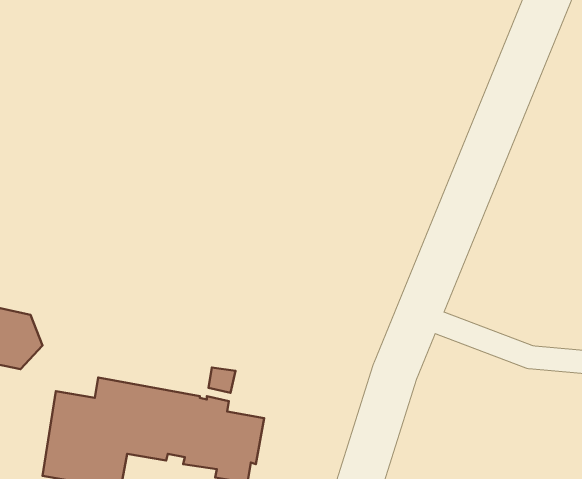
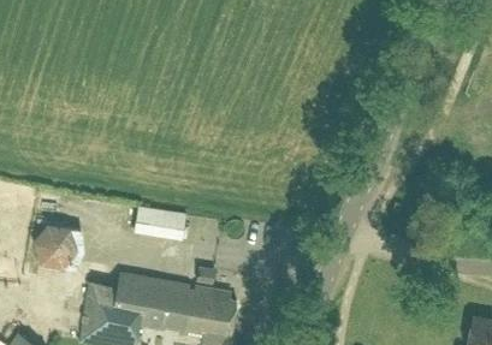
building: none -> [135,208,190,239]

